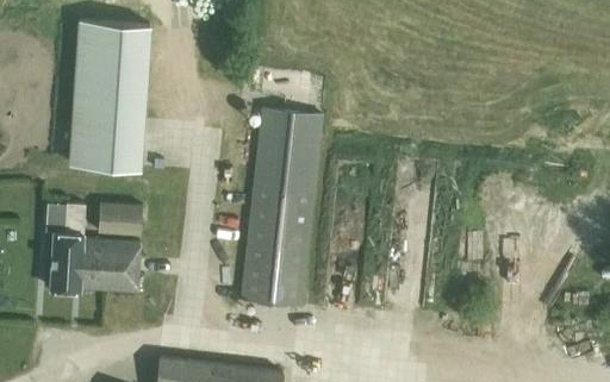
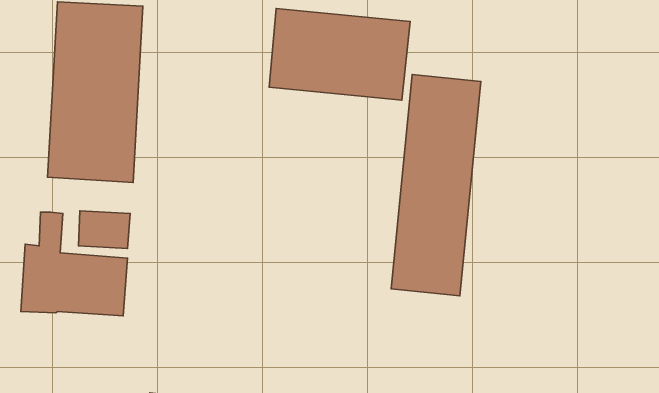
building: none -> [269,8,410,100]
building: [242,118,318,306] -> [391,74,481,296]

